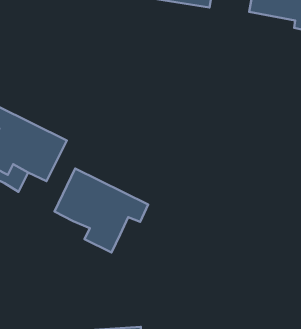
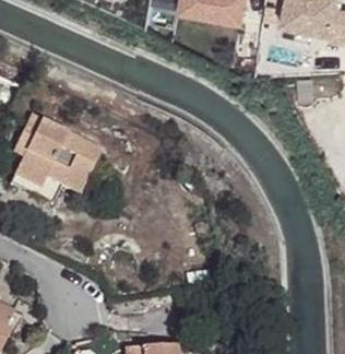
building: [54,169,148,252] -> none

